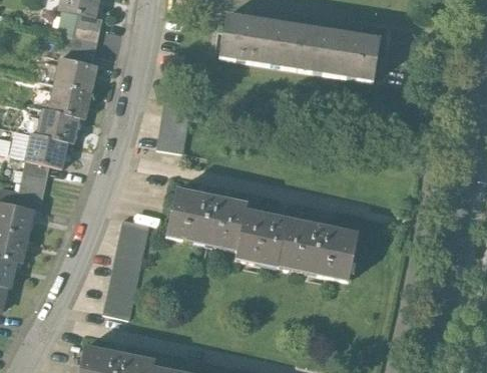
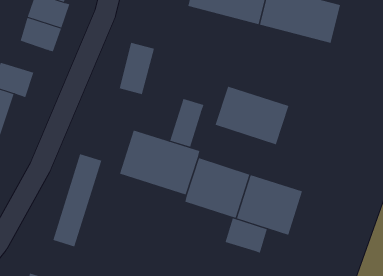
building: [38,105,80,139] -> none
building: none -> [215,86,289,145]
building: none -> [170,98,204,147]
building: none -> [225,217,268,254]

